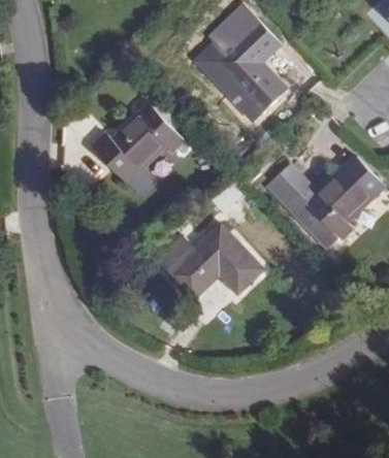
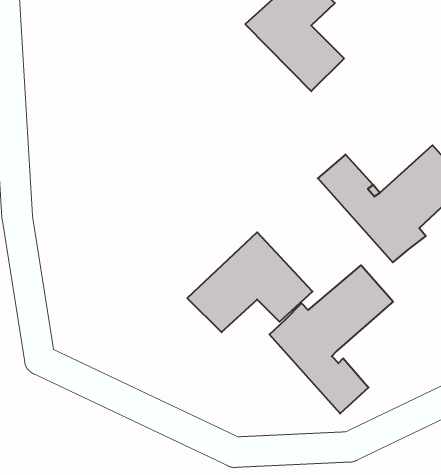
building: [90,111,183,183] -> none
building: none -> [269,265,393,414]

